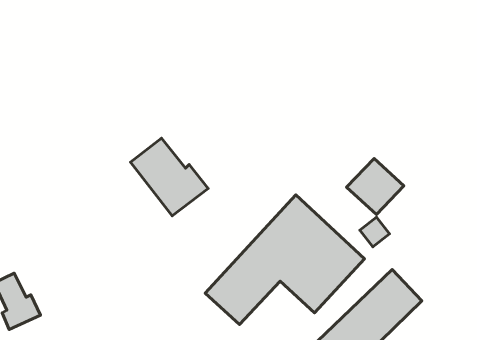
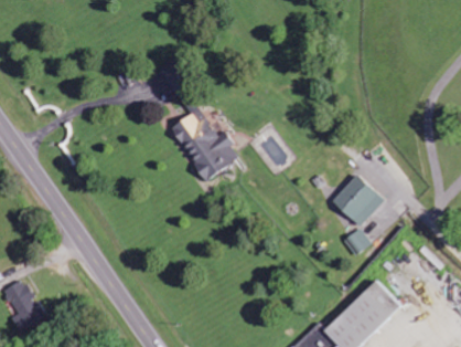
building: [130,138,208,216] -> [168,109,239,181]
building: [205,195,364,325] -> none

